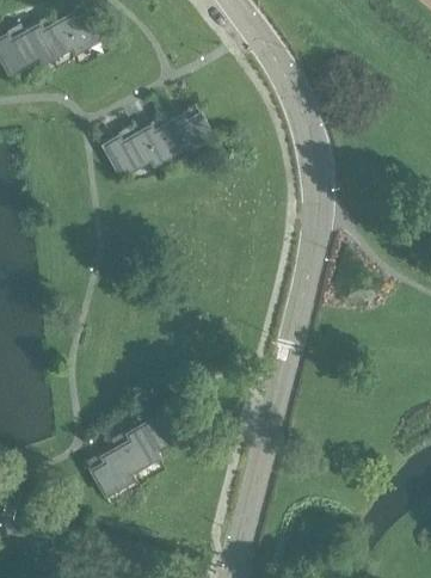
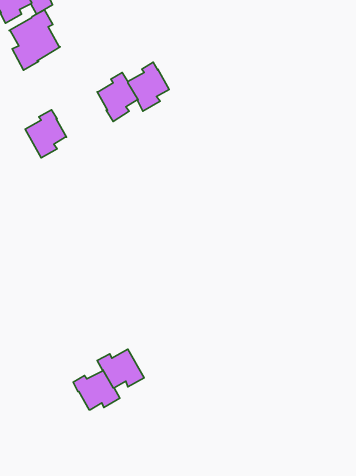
building: none -> [9,10,60,70]
building: [103,128,146,178] -> [25,110,66,158]
building: [80,447,134,492] -> none

